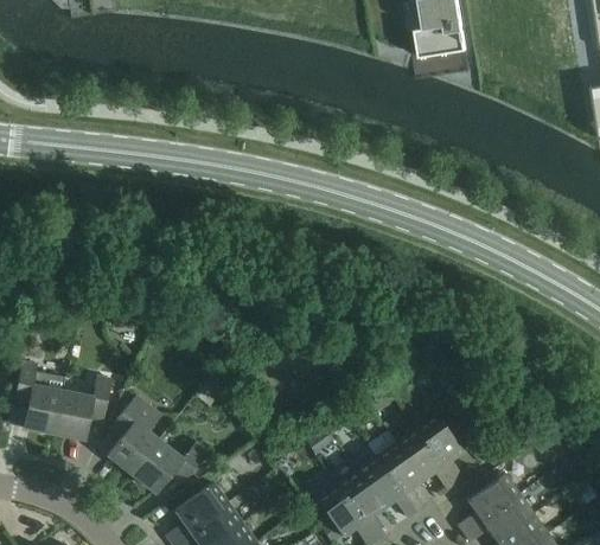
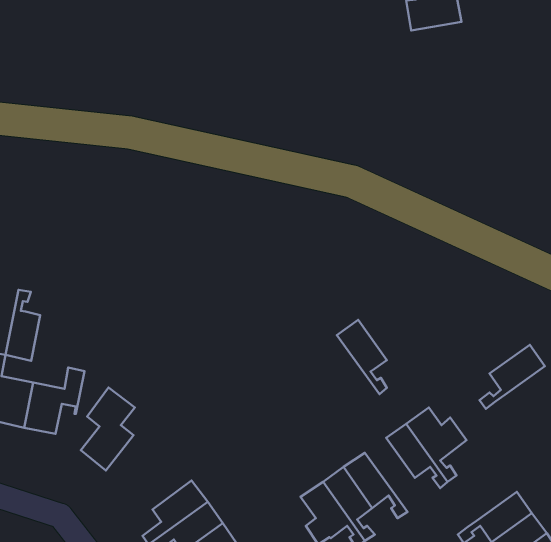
building: none -> [5,290,40,361]
building: [133,441,206,493] -> none
building: [377,443,425,513] -> [337,320,387,394]
building: [459,474,521,534] -> [480,345,545,409]

